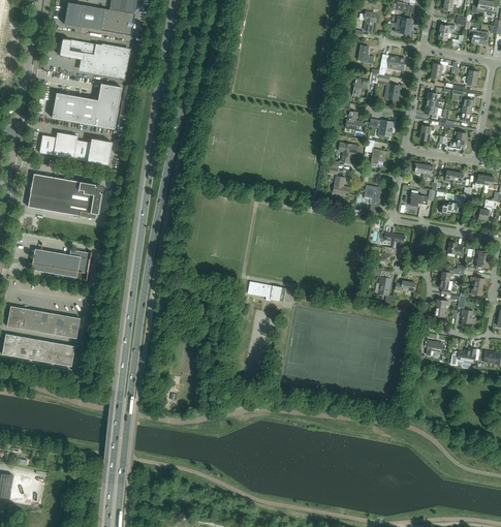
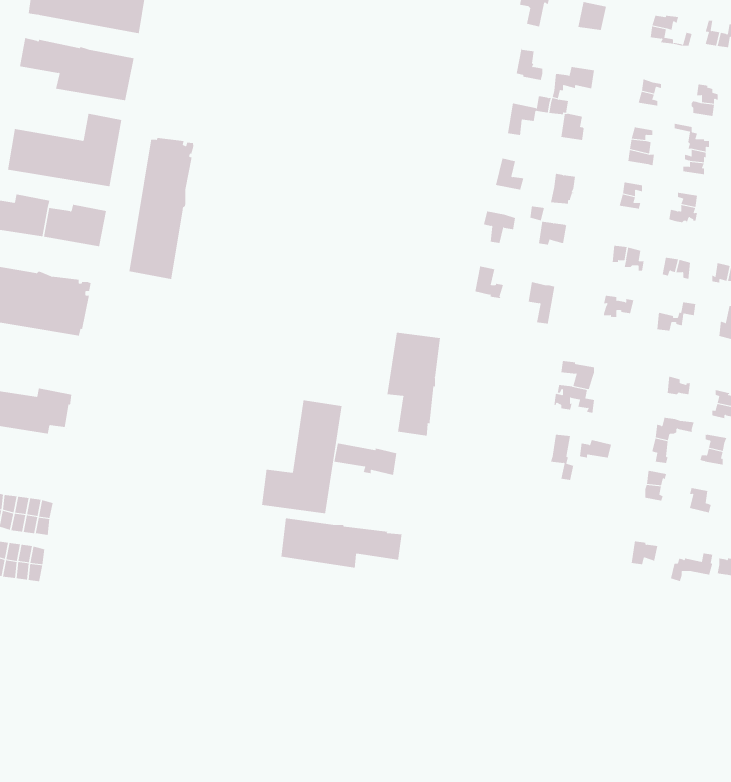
building: none -> [129,137,194,280]
building: none -> [387,332,441,436]
building: none -> [262,399,342,514]
building: none -> [281,518,402,569]

